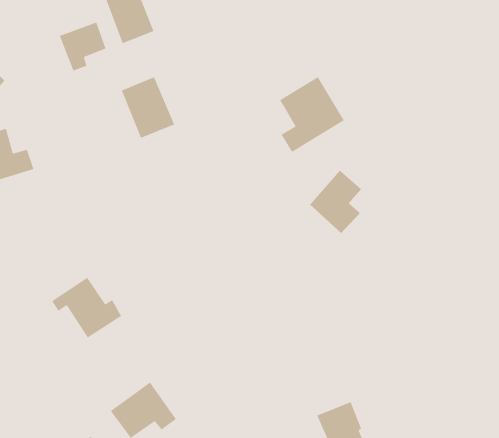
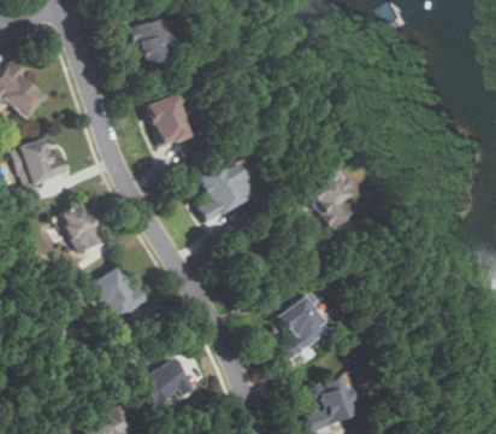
building: [59,21,107,71] -> none
building: [279,76,345,153] -> [197,156,254,222]
building: none -> [58,203,100,254]
building: none -> [277,294,332,356]

